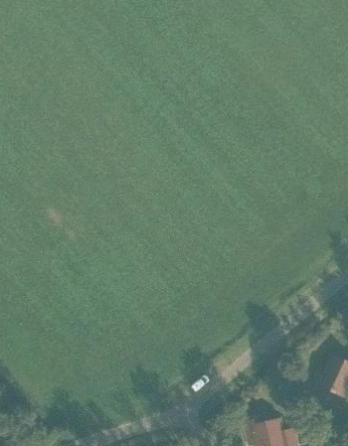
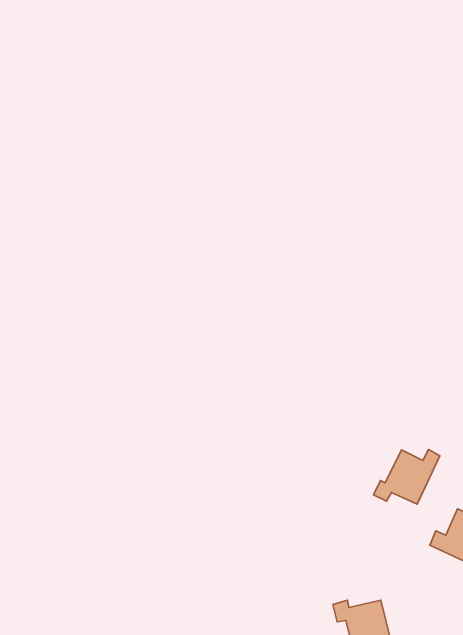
building: none -> [373,449,440,504]

